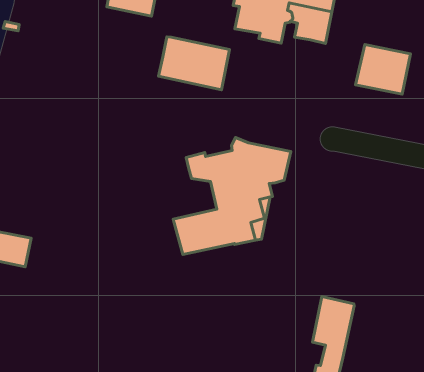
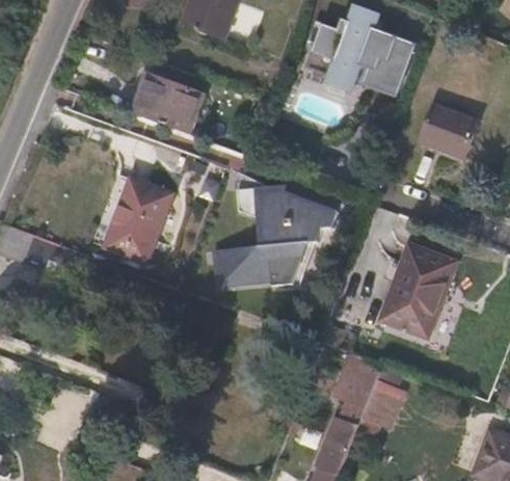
building: [159,37,230,90] -> [128,72,204,134]
building: none -> [105,178,171,263]
building: none -> [380,244,455,337]
building: none -> [363,366,400,425]

